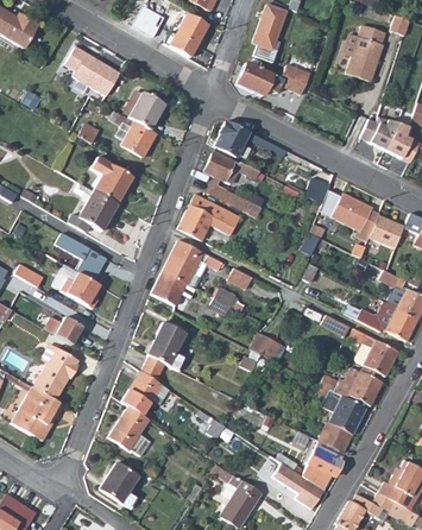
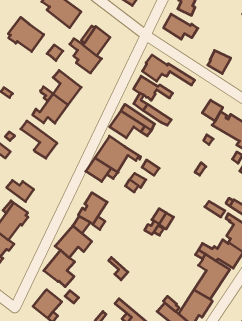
building: [282,64,313,95] -> [208,50,231,74]
building: none -> [8,17,44,52]
building: [62,273,103,310] -> none

